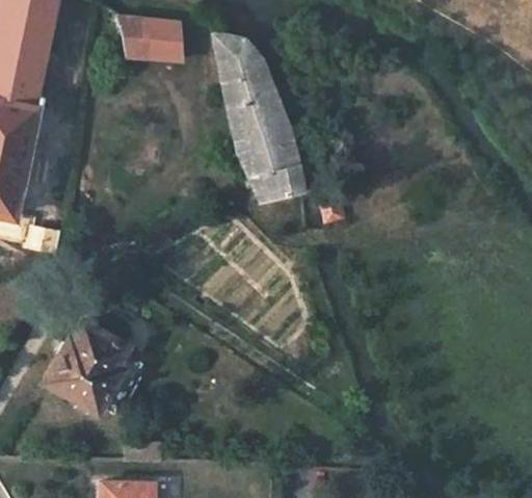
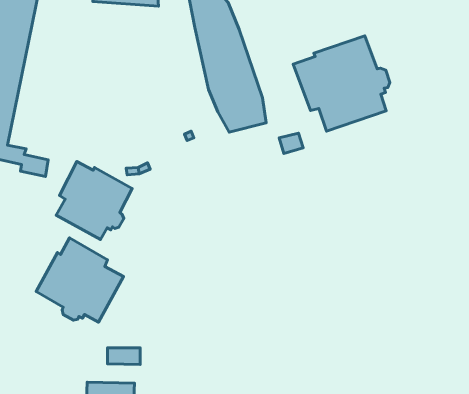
building: none -> [293,36,390,131]
building: none -> [56,161,132,240]

